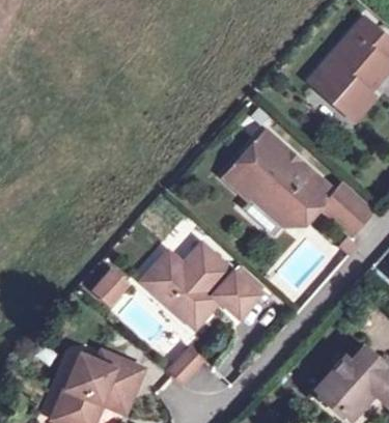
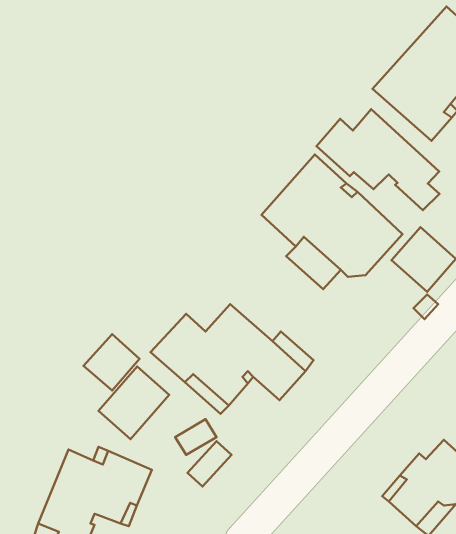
building: none -> [317,109,439,210]
building: none -> [99,366,169,439]

